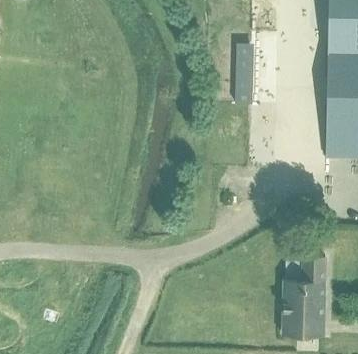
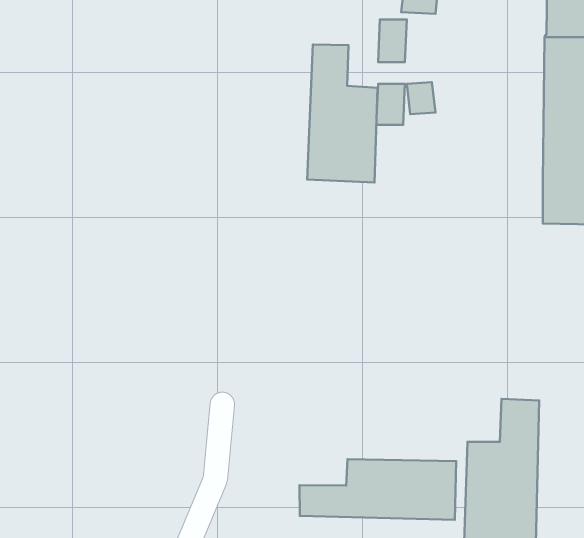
building: none -> [307,44,377,182]
building: none -> [300,459,456,520]

